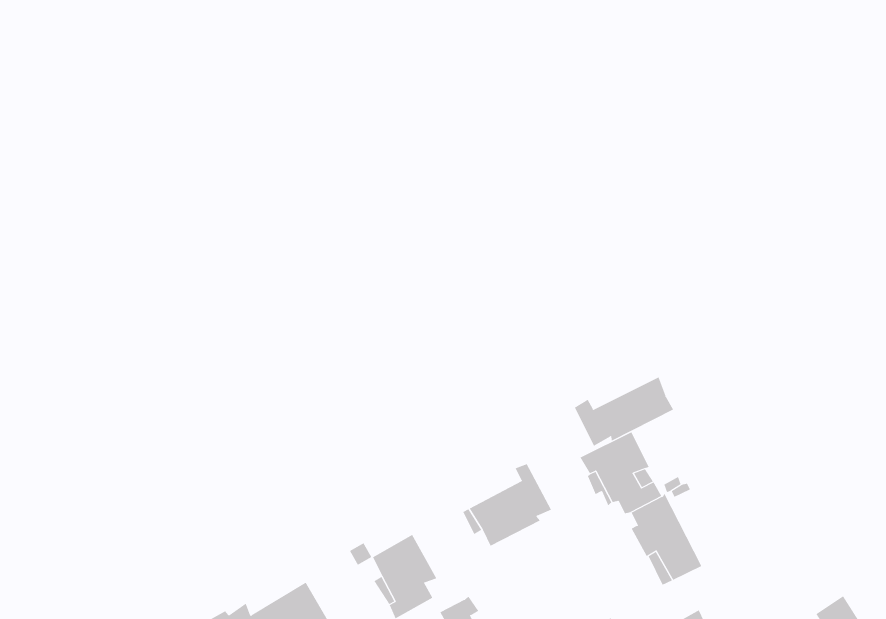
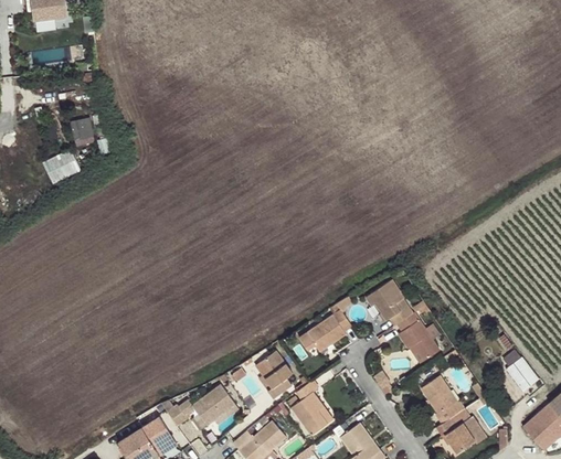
building: none -> [71,117,95,146]
building: none -> [42,148,82,184]
building: [574,376,674,446] -> none

